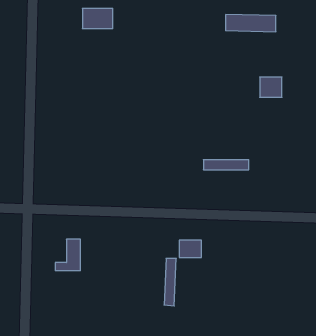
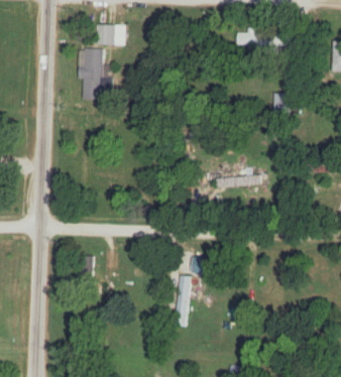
building: none -> [81,49,102,101]

